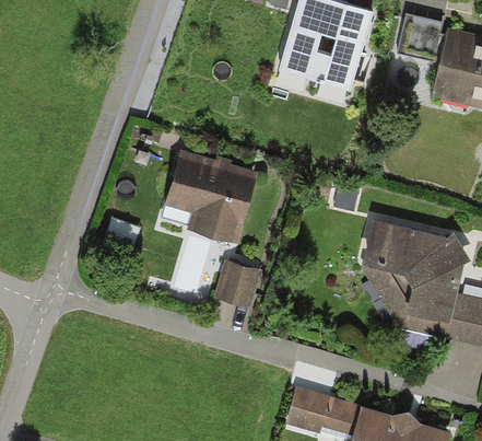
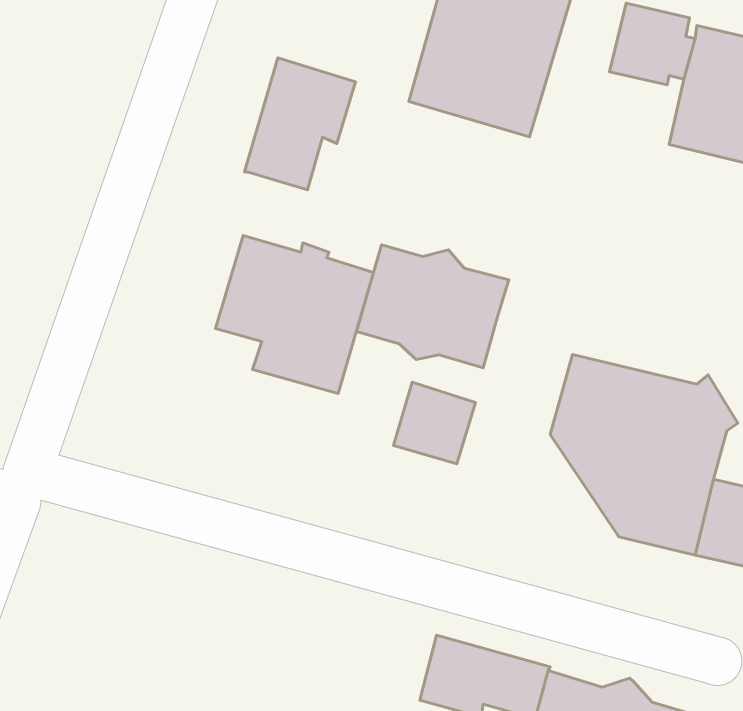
building: none -> [245,58,355,190]
building: none -> [356,245,509,368]
building: [214,259,262,307] -> [394,382,475,464]

